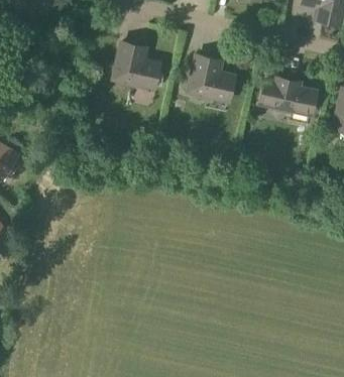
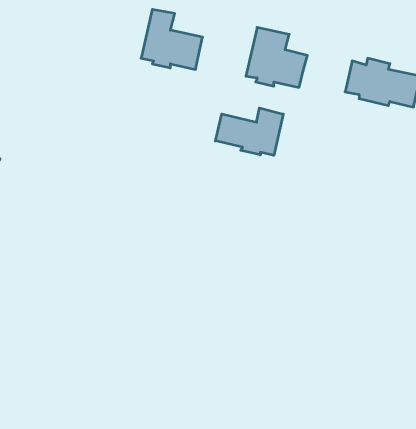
building: none -> [215,108,283,155]

